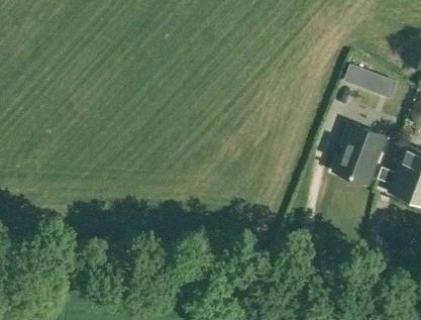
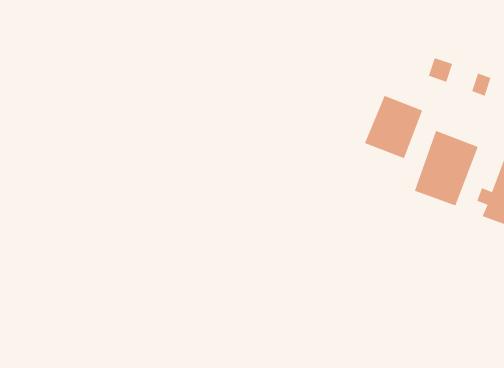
building: none -> [364,95,423,159]

